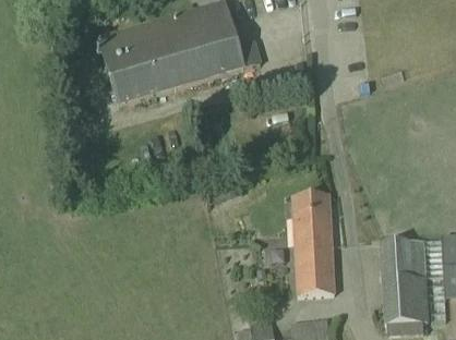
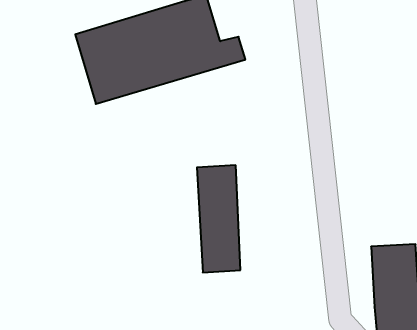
building: [292,192,334,294] -> [197,165,240,272]

